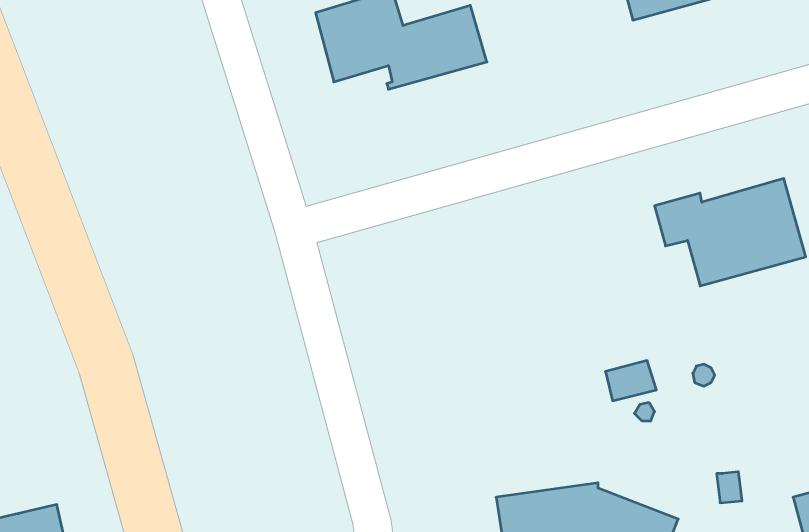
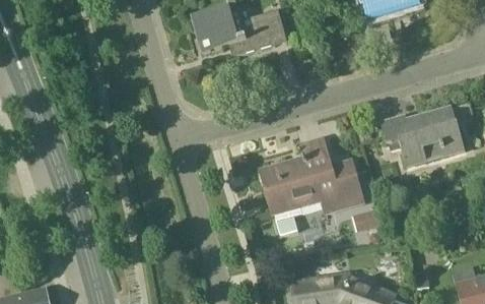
building: none -> [260,137,363,214]

